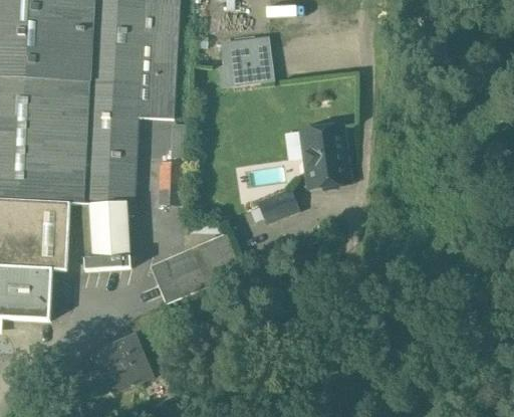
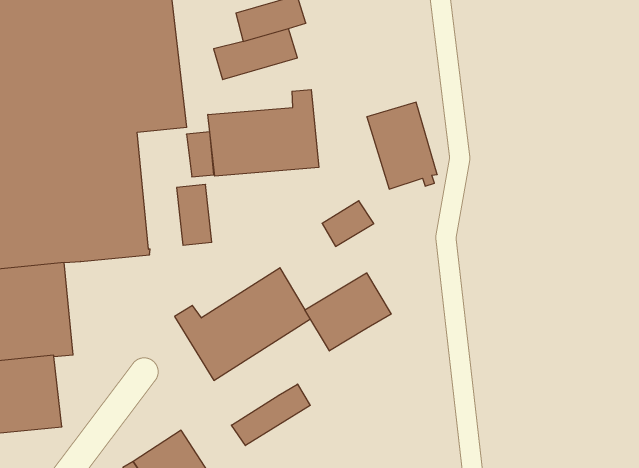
building: none -> [208,90,319,176]
building: [81,204,132,264] -> none
building: none -> [305,273,391,351]
building: none -> [231,384,310,446]

